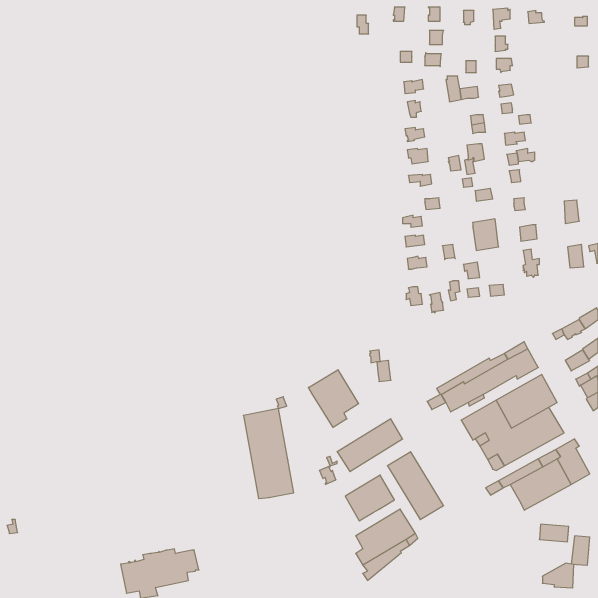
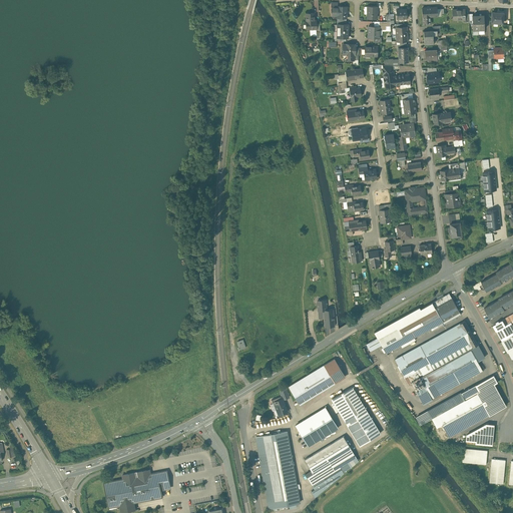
building: [308,370,359,427] -> none
building: [243,408,294,499] -> [256,431,300,508]
building: [542,563,574,588] -> [466,424,493,445]

